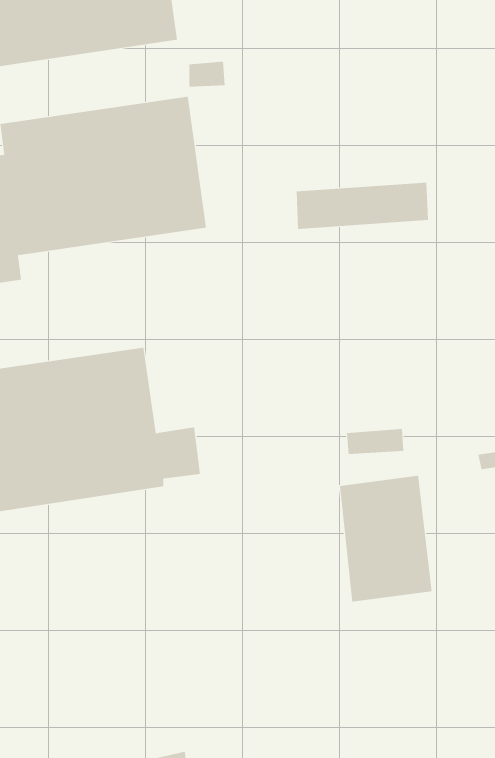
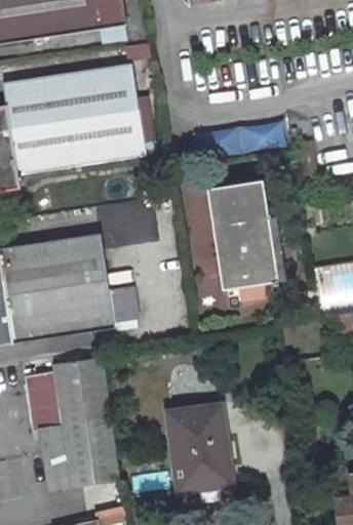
building: none -> [204,179,276,289]
building: [339,475,432,602] -> [172,404,235,489]
building: none -> [27,355,120,486]

